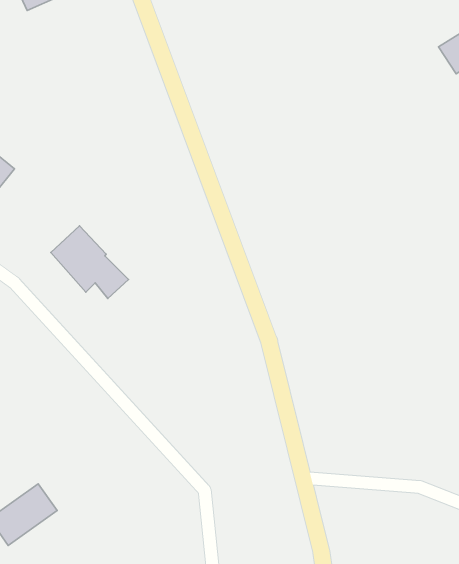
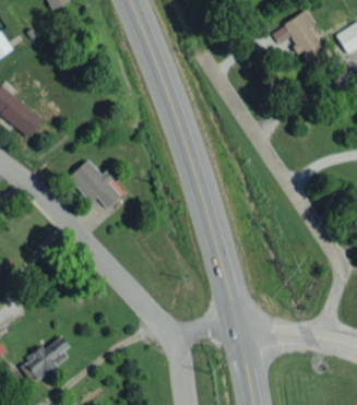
building: none -> [272,10,326,64]

